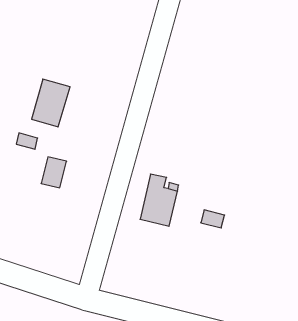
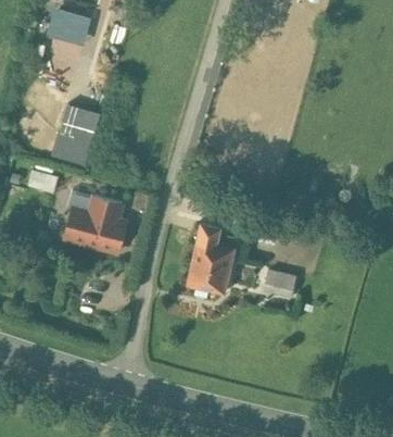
building: none -> [46,8,90,43]
building: none -> [87,198,128,251]

